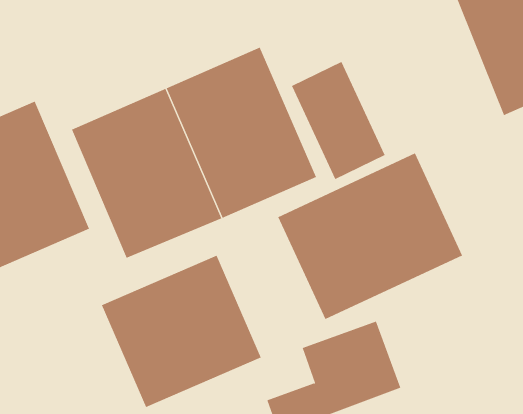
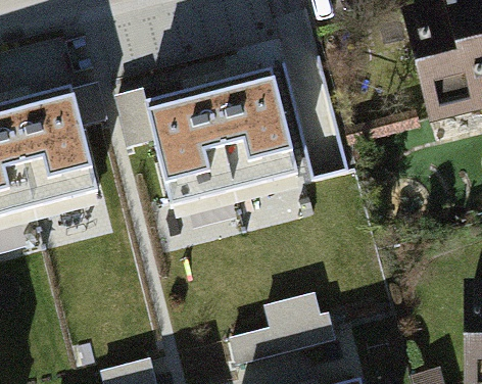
building: [278,153,463,320] -> none
building: [101,255,261,408] -> none

